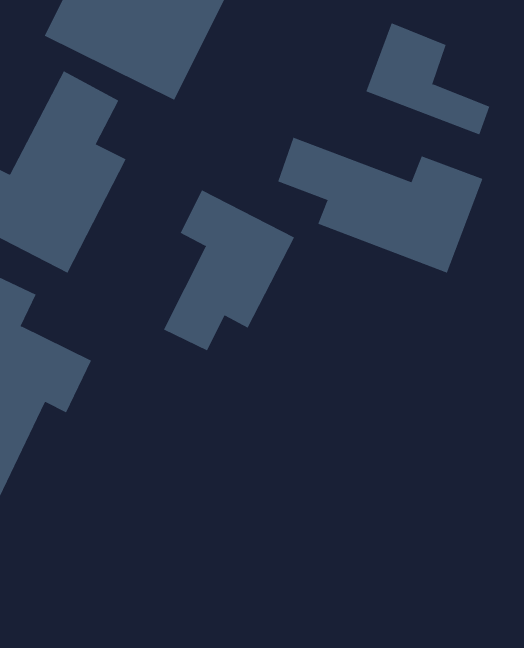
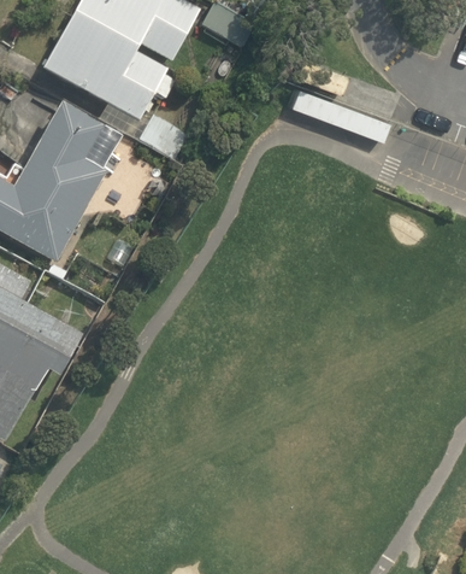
building: [277,137,483,273] -> none
building: [163,189,295,351] -> none

